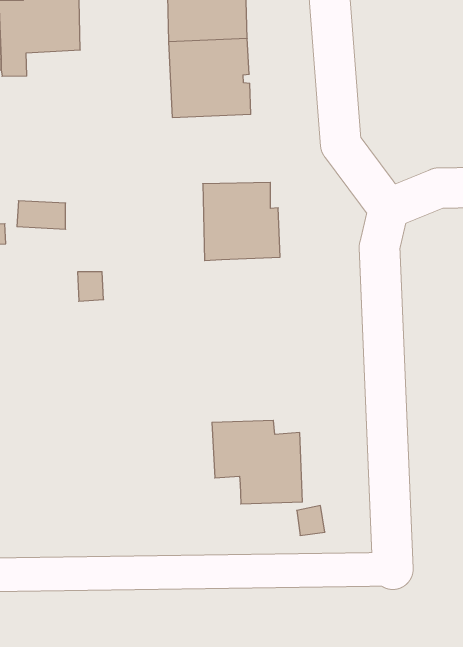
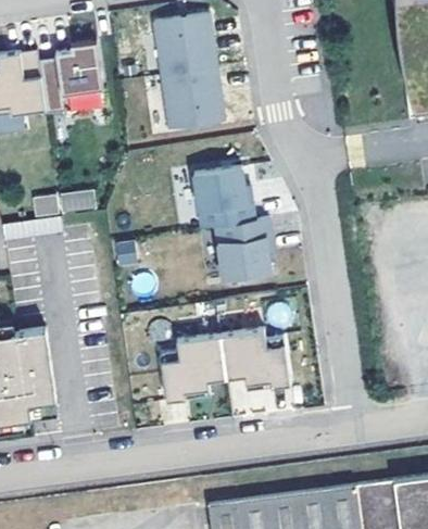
building: none -> [214,215,270,276]
building: none -> [161,339,227,406]

